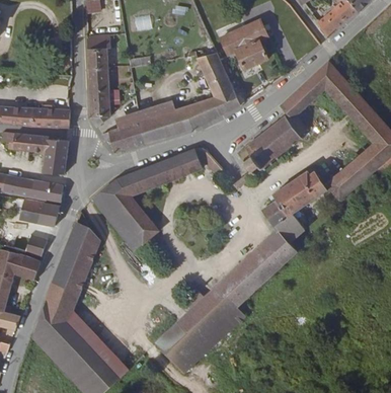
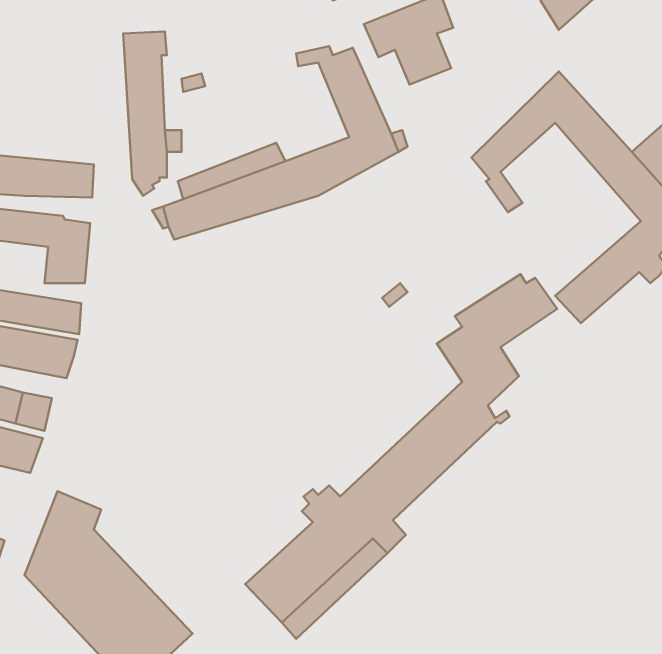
building: [235,115,302,179] -> none
building: [93,147,223,250] -> none
building: [50,223,100,302] -> none

